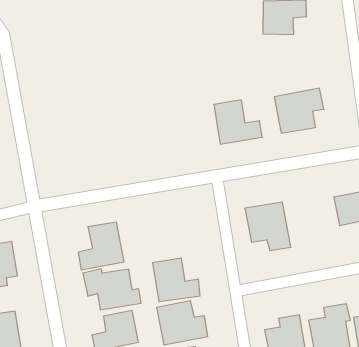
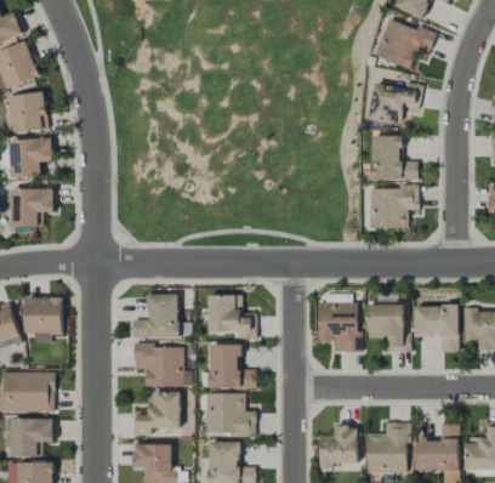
building: [214,100,262,144] -> [370,136,416,180]
building: none -> [366,303,410,352]
building: none -> [207,295,255,339]

